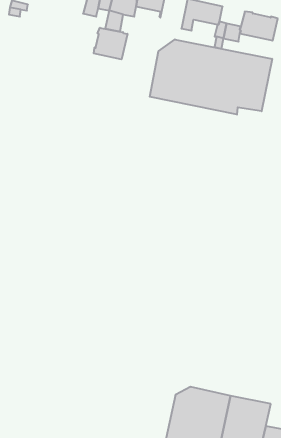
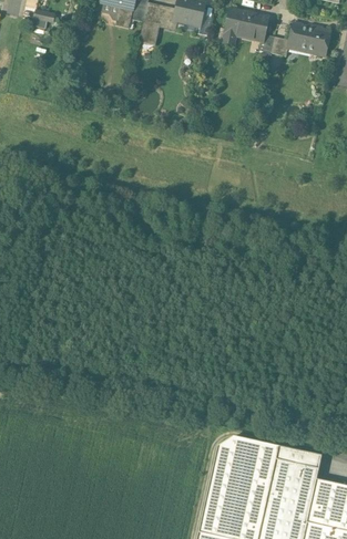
building: [94,28,127,59] -> none
building: [150,39,272,115] -> none

